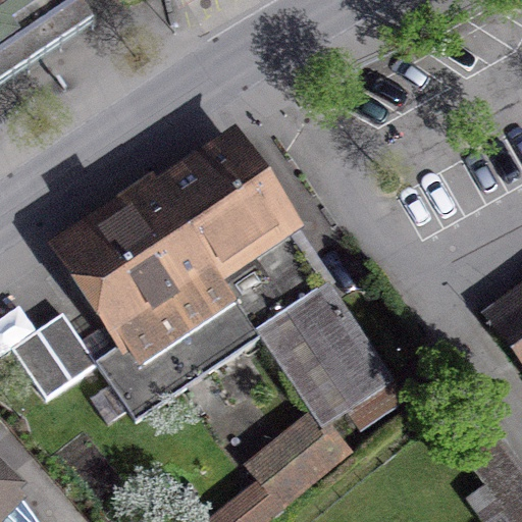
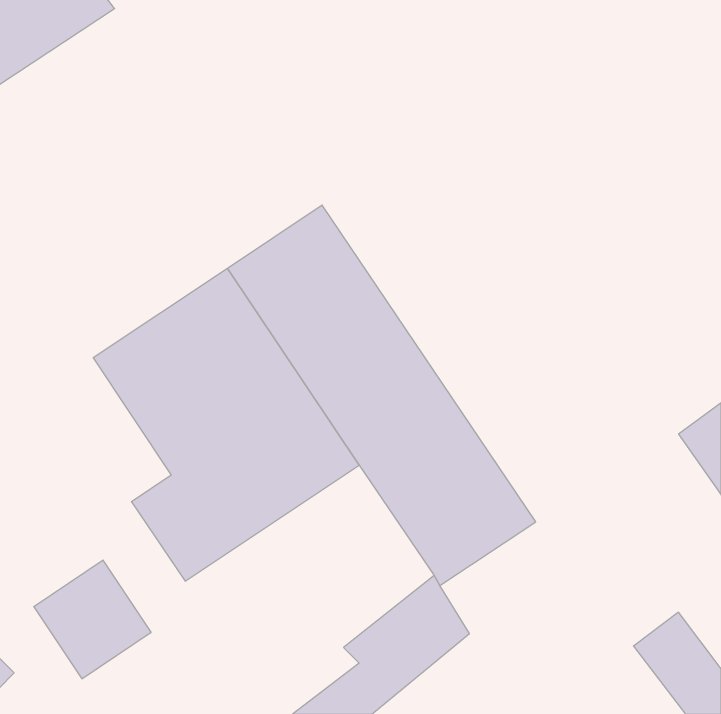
building: [10,310,95,396] -> [34,560,151,679]

